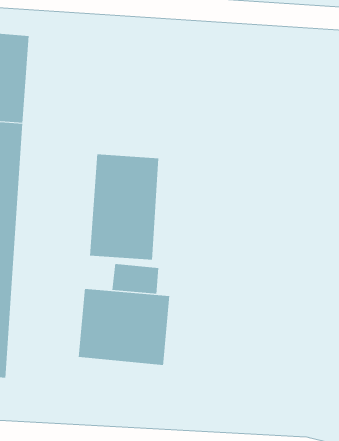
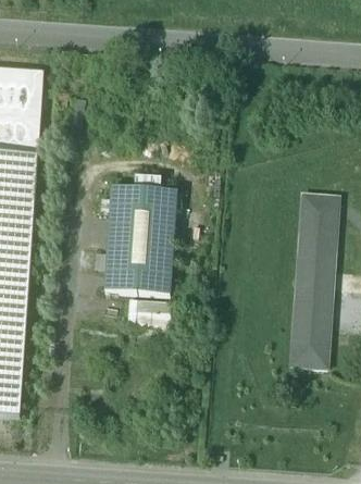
building: none -> [290,195,337,368]
building: [78,288,170,366] -> none

